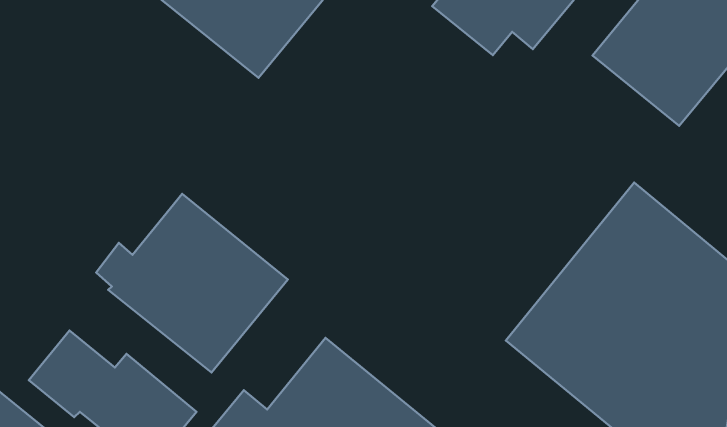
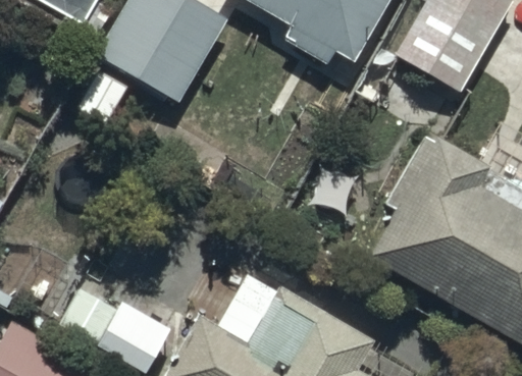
building: [96,194,288,373] -> none

